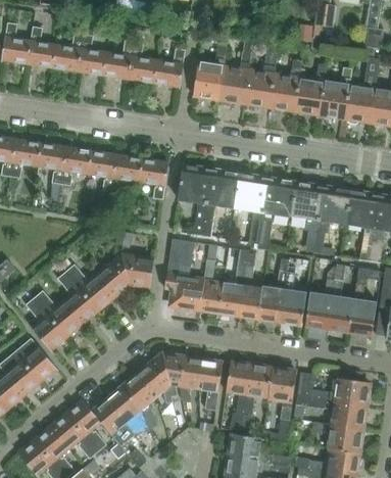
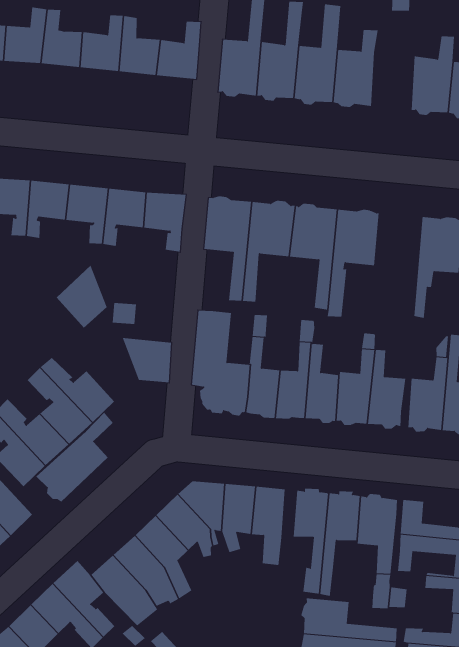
building: [294,63,327,115] -> none
building: [290,182,323,251] -> none
building: [96,254,130,296] -> [56,265,107,329]
building: none -> [36,412,113,502]

